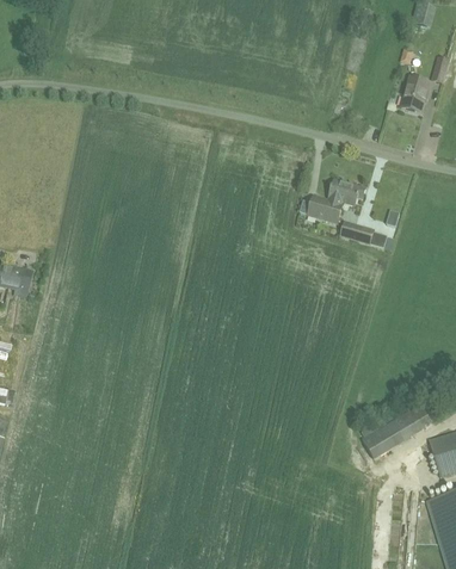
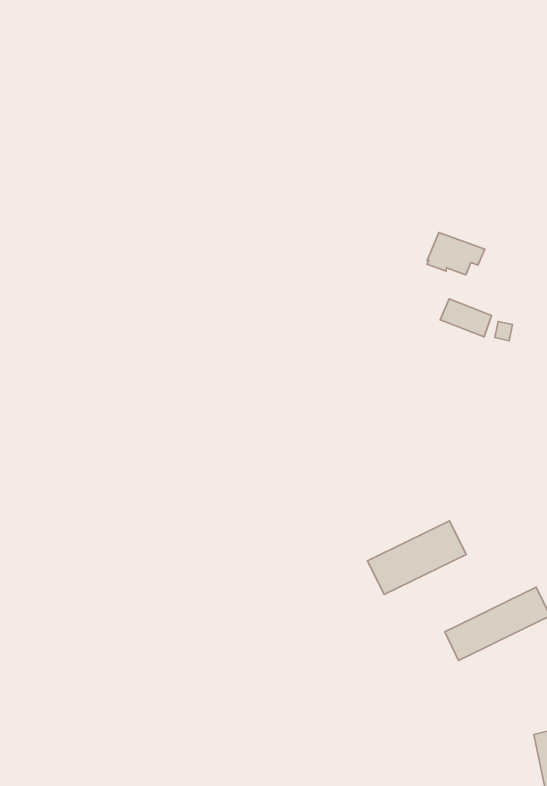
building: [309,196,343,222] -> none
building: none -> [368,521,466,594]

